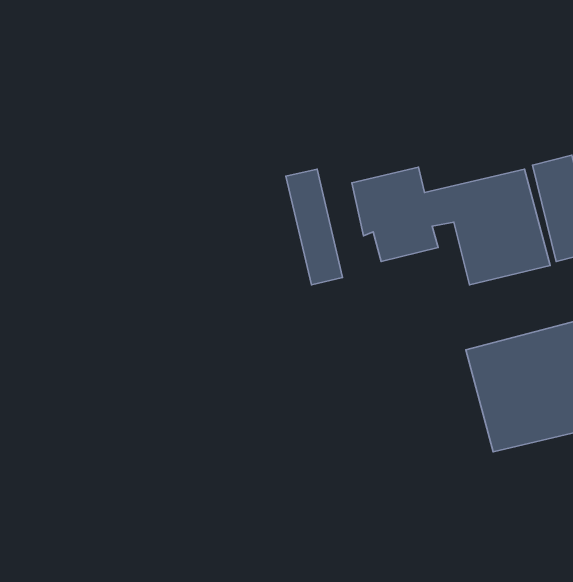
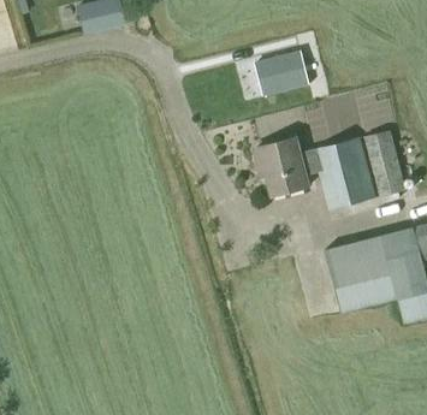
building: none -> [254,52,309,97]
building: [286,169,343,285] -> none

